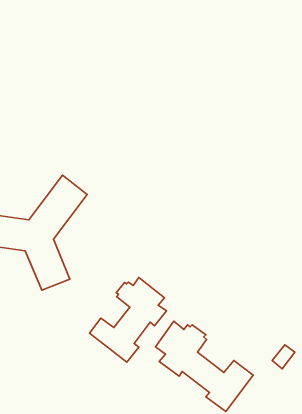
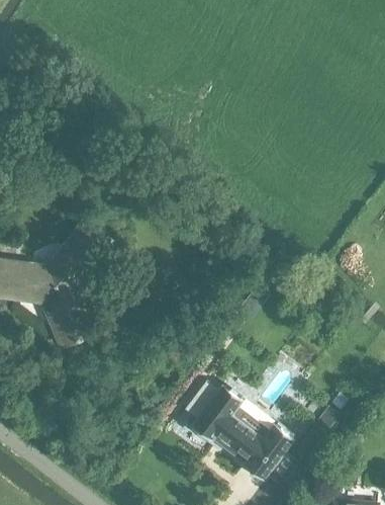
building: [89,277,167,362] -> none

